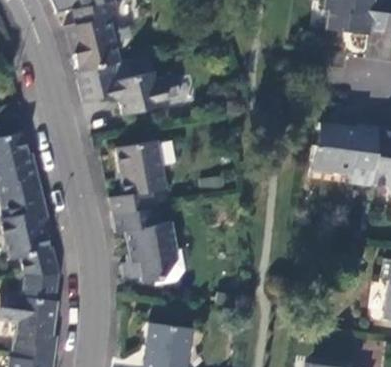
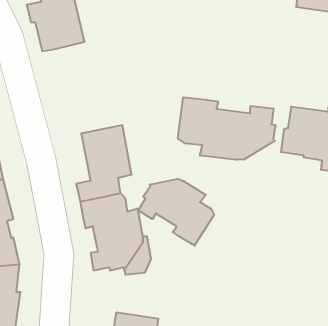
building: [75,54,178,112] -> none
building: none -> [178,97,276,160]
building: none -> [138,179,214,246]

